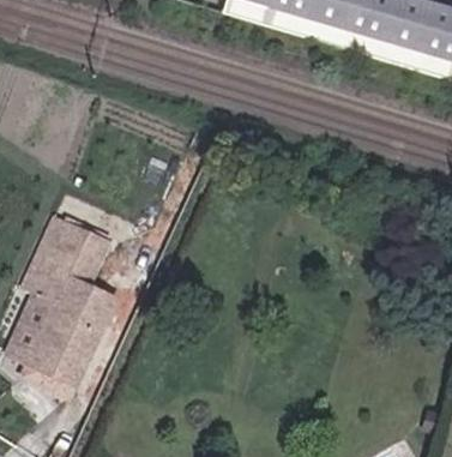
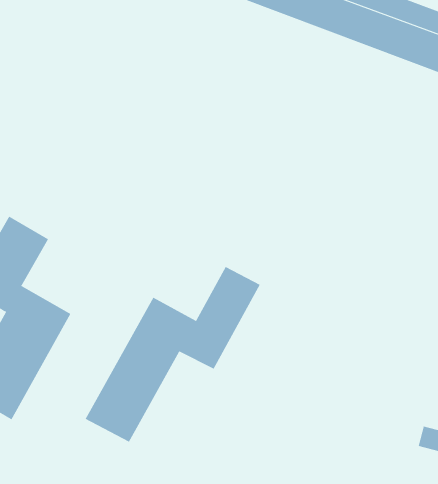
building: none -> [85,266,260,442]

